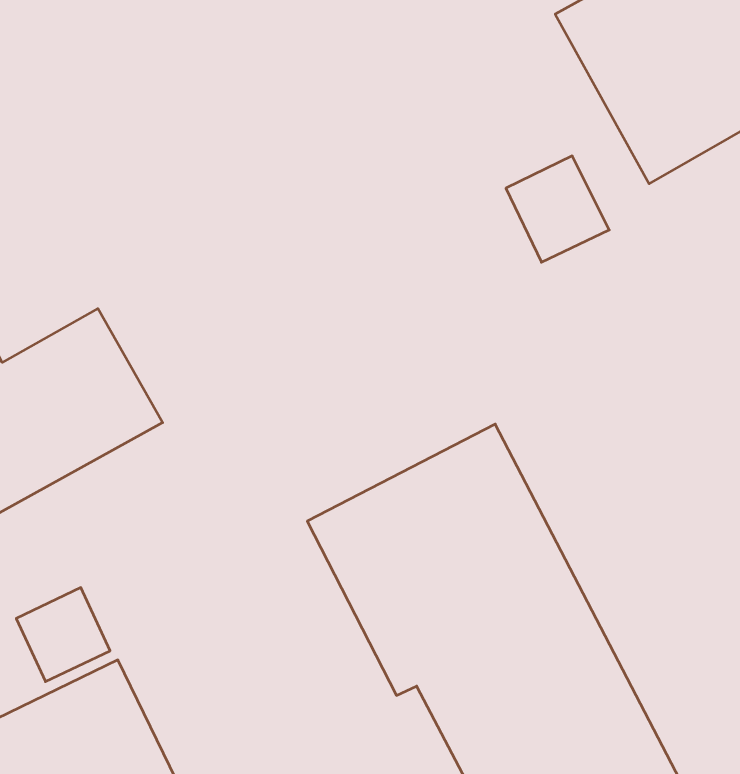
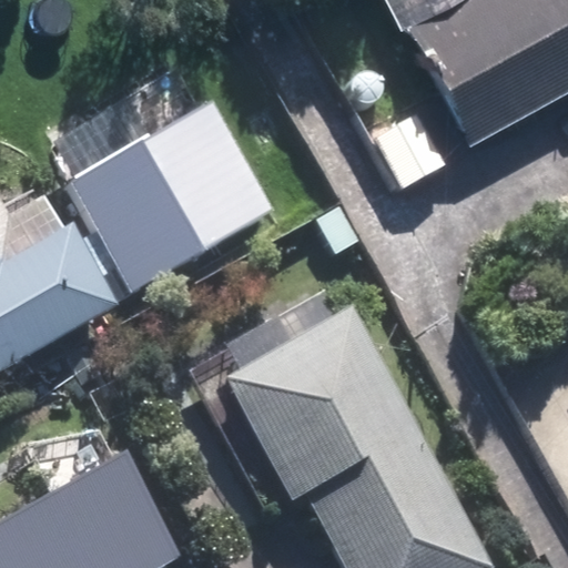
building: none -> [67,104,271,293]

